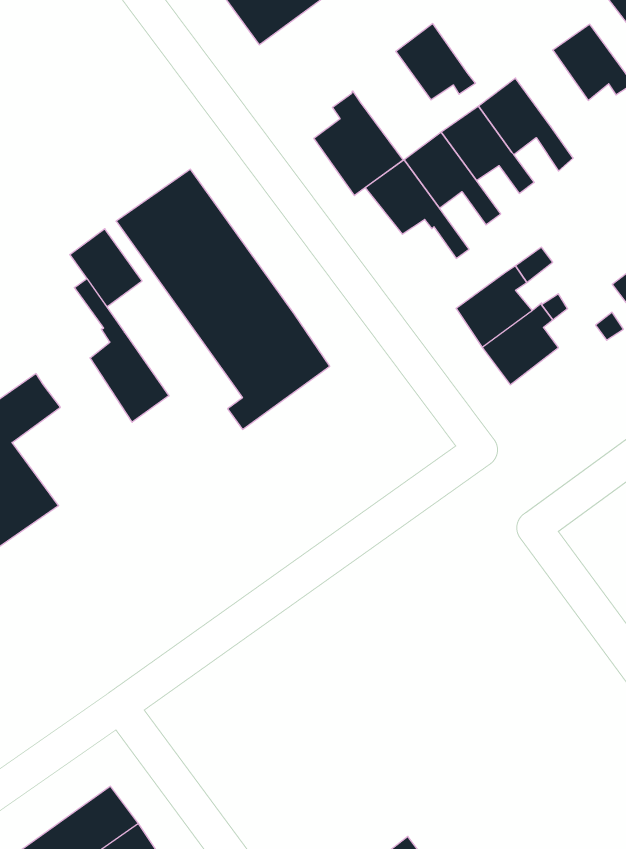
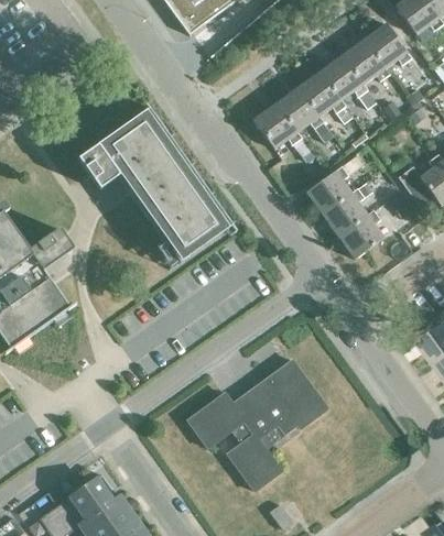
building: [396,24,476,100] -> [342,37,389,83]
building: [314,91,403,196] -> none
building: [74,279,169,422] -> none
building: none -> [338,209,383,258]
building: none -> [187,359,327,490]

